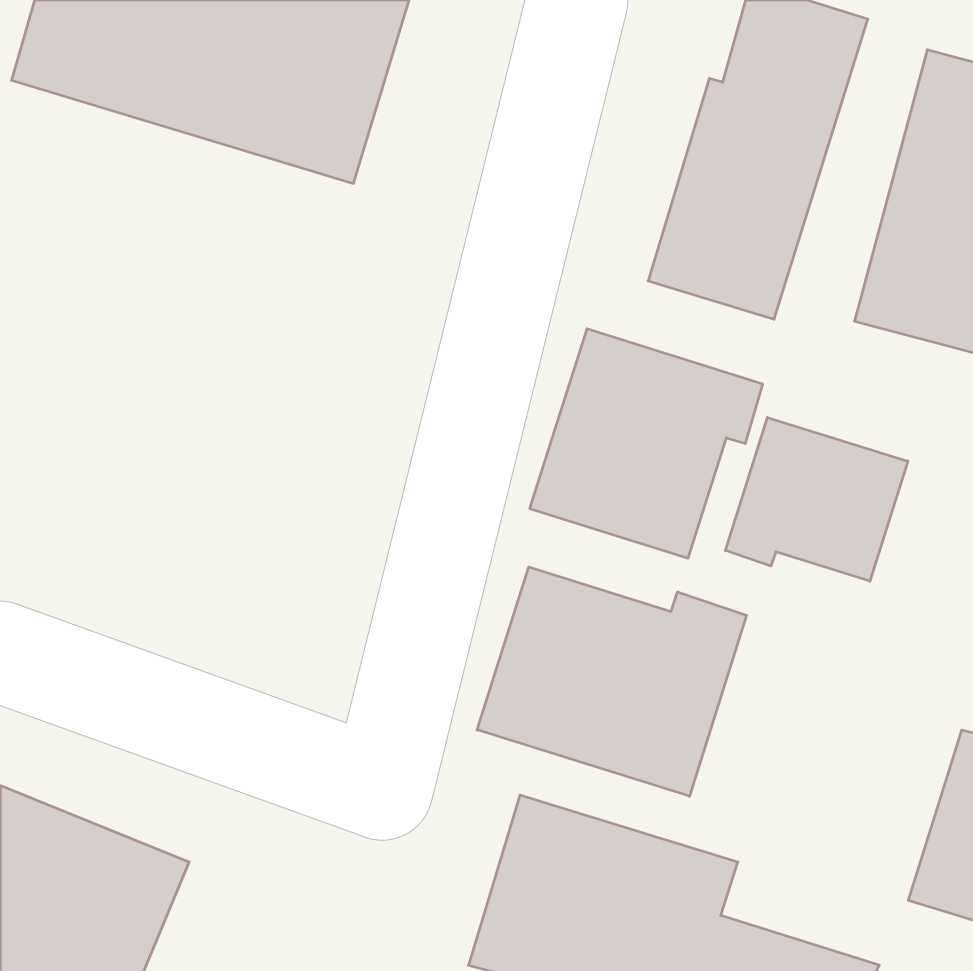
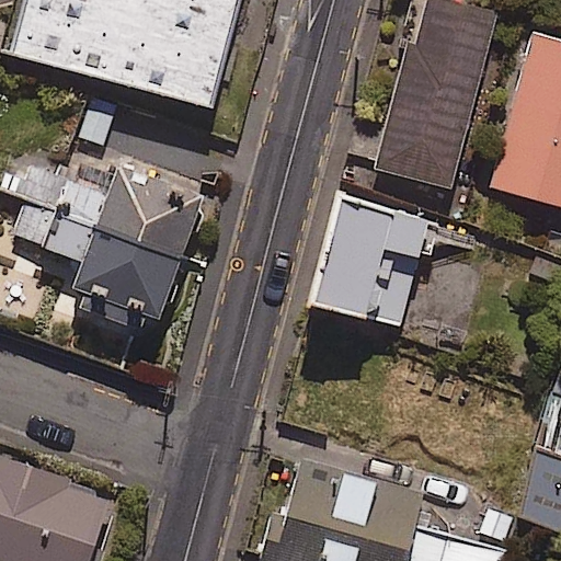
building: none -> [14,165,202,332]
building: [725,417,908,581] -> none
building: [477,567,747,796] -> none

